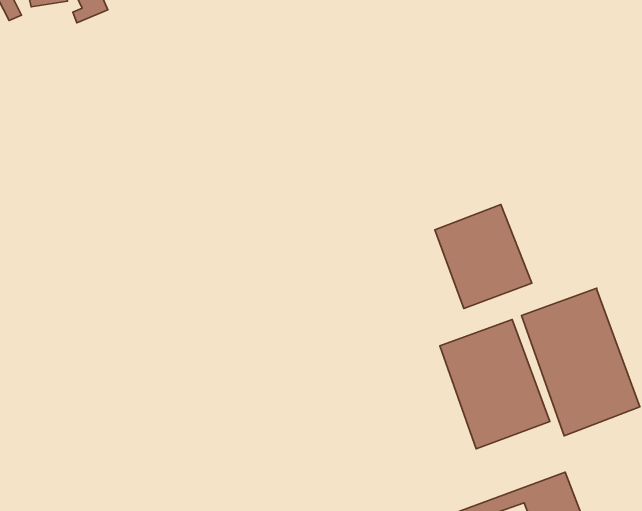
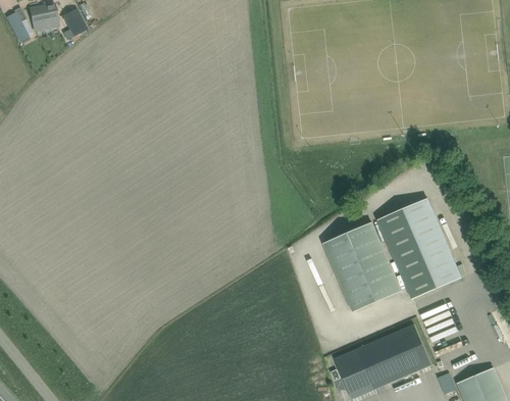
building: [435,205,532,308] -> none

